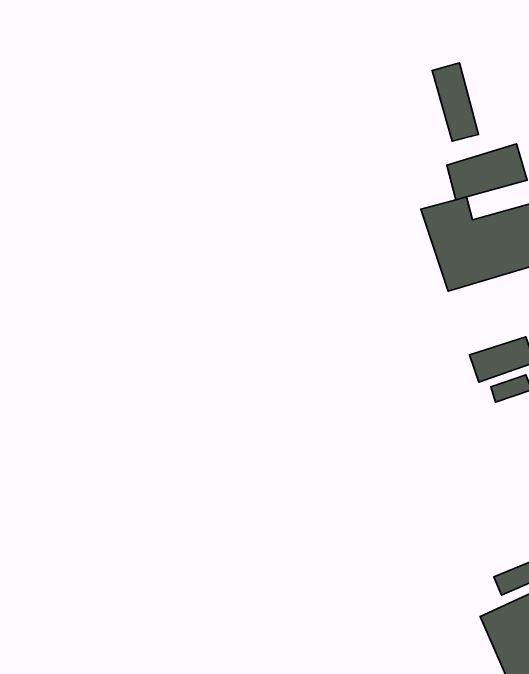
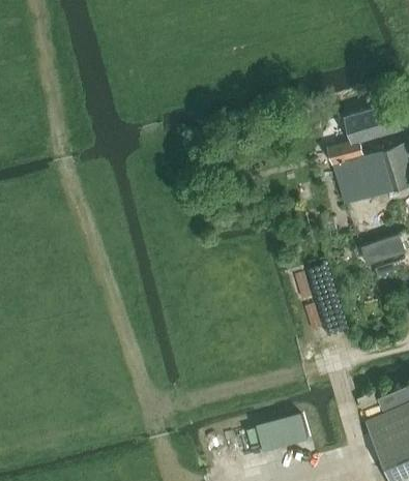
building: [432,63,478,141] -> none
building: none -> [257,411,312,450]

